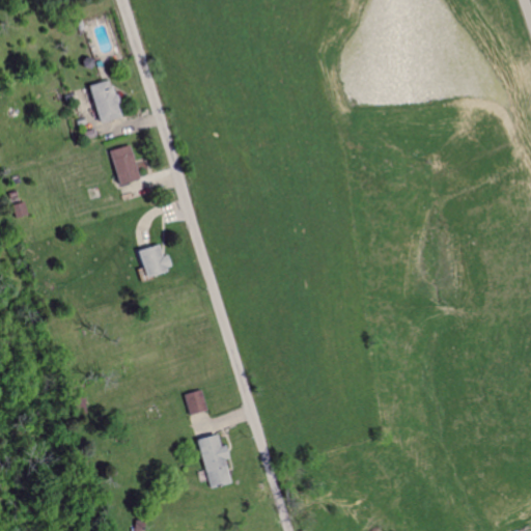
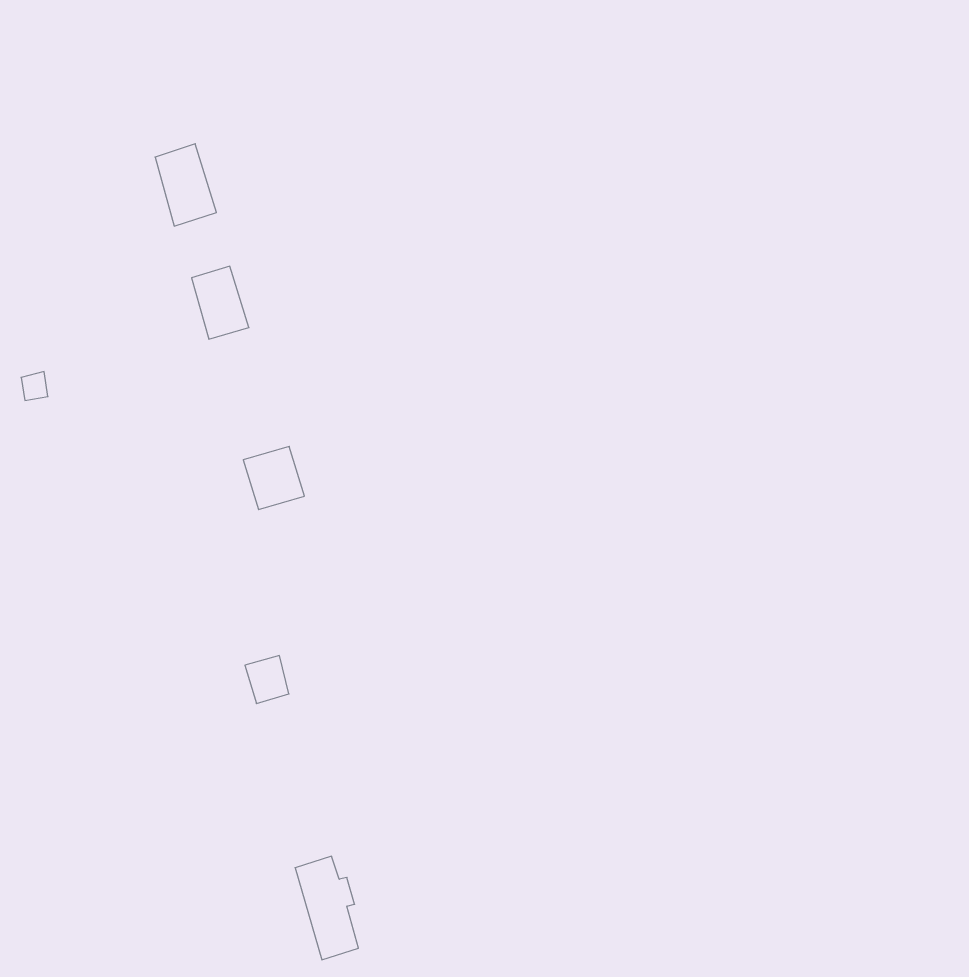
building: [185,390,208,416] -> [245,656,289,704]
building: [197,434,231,490] -> [295,856,358,960]

